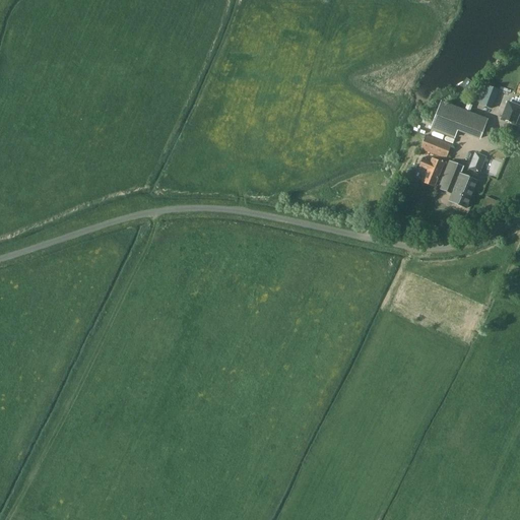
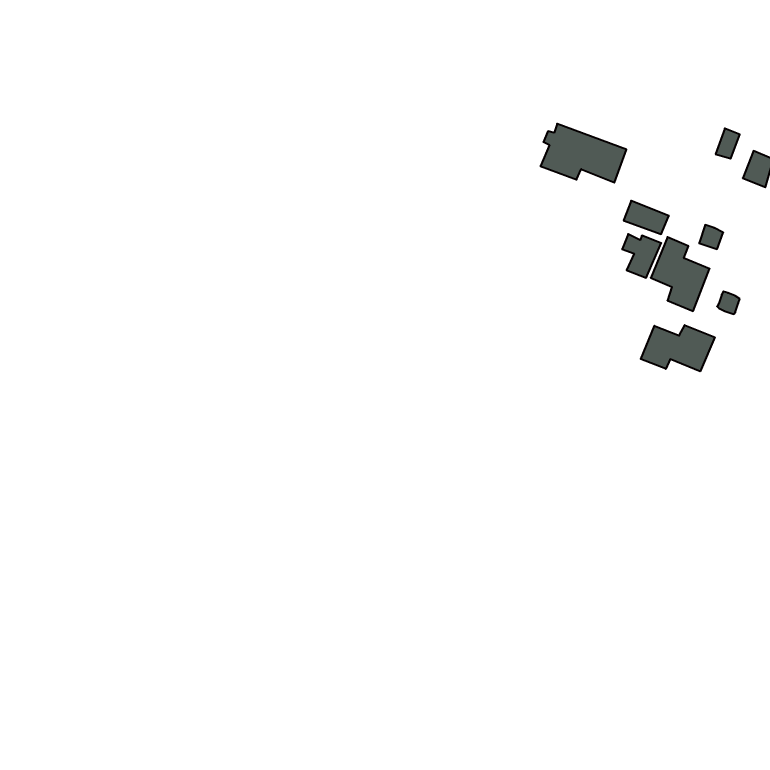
building: [431,101,489,140] -> [540,124,626,183]
building: none -> [641,325,715,371]

